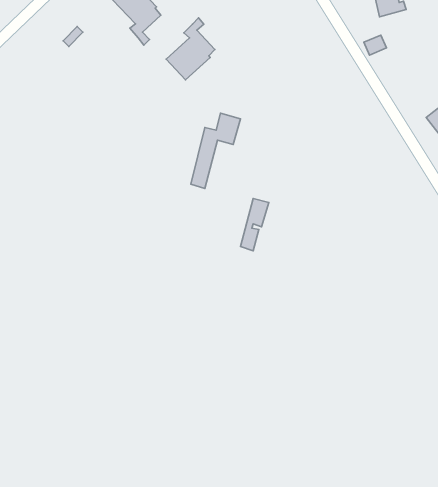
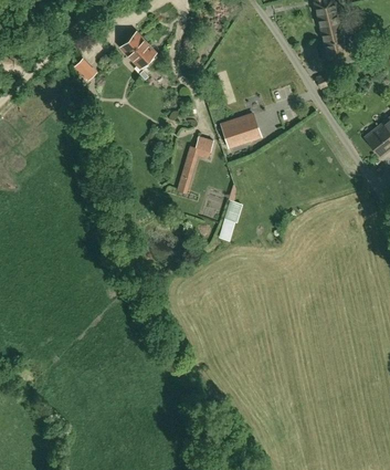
building: [166,18,215,80] -> none
building: none -> [220,113,260,147]

